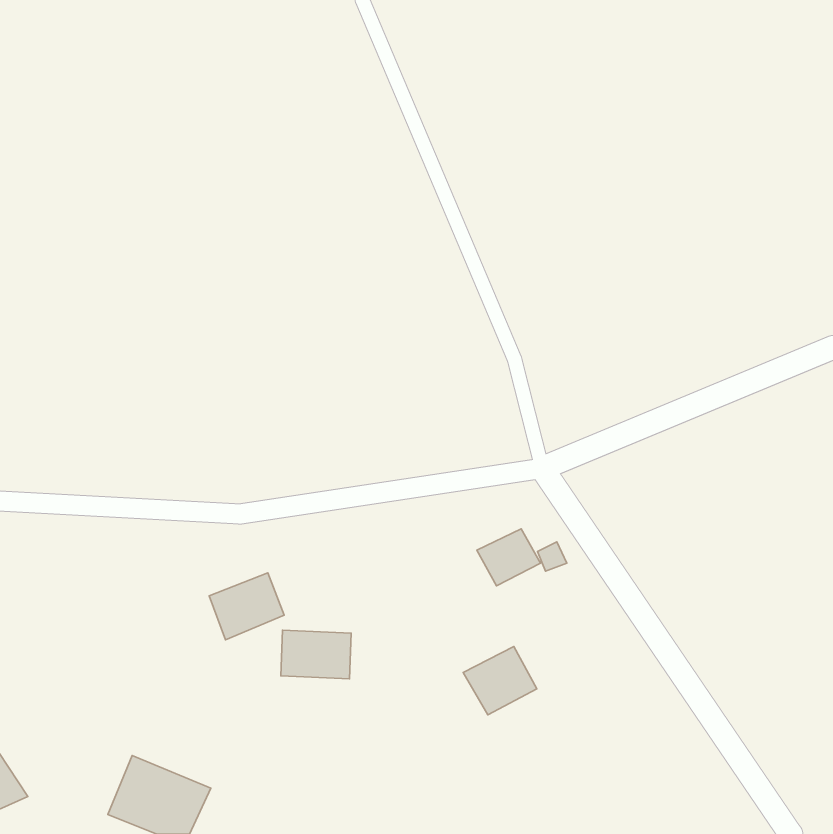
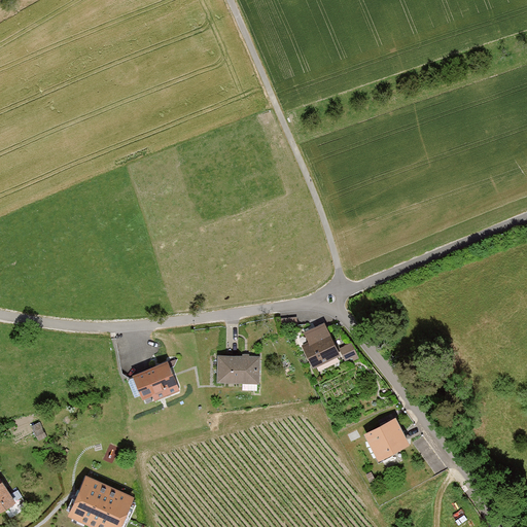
building: [281,630,351,679] -> [214,354,258,385]
building: [463,646,537,715] -> [362,416,409,459]

